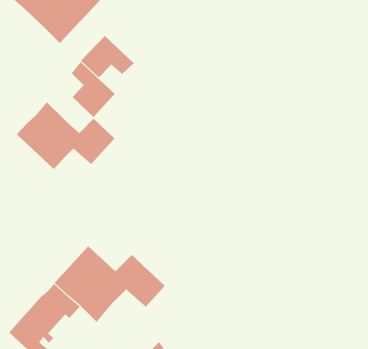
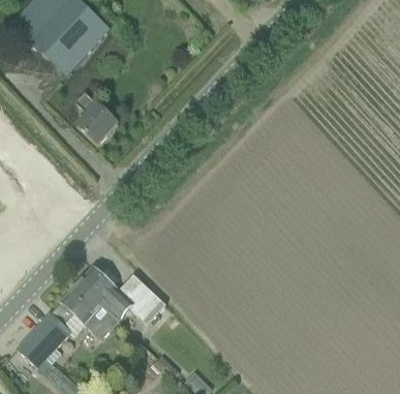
building: [80,35,134,78] -> none
building: [16,101,115,170] -> none

